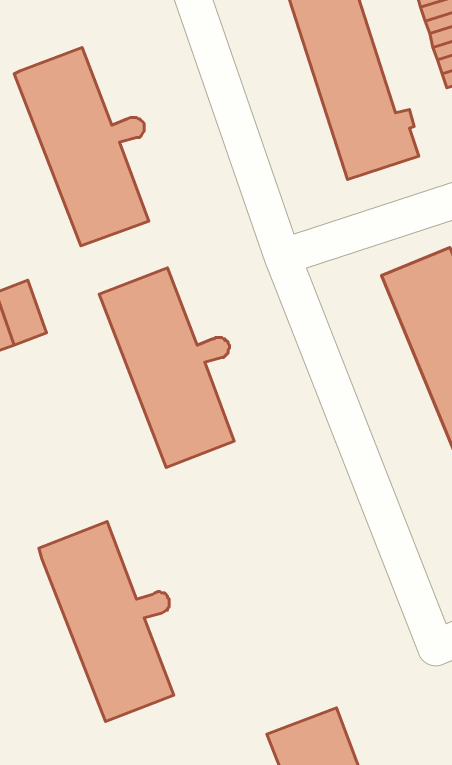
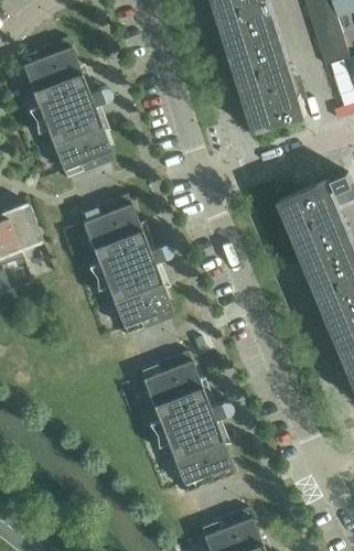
building: [39,522,174,722] -> [139,350,235,493]

